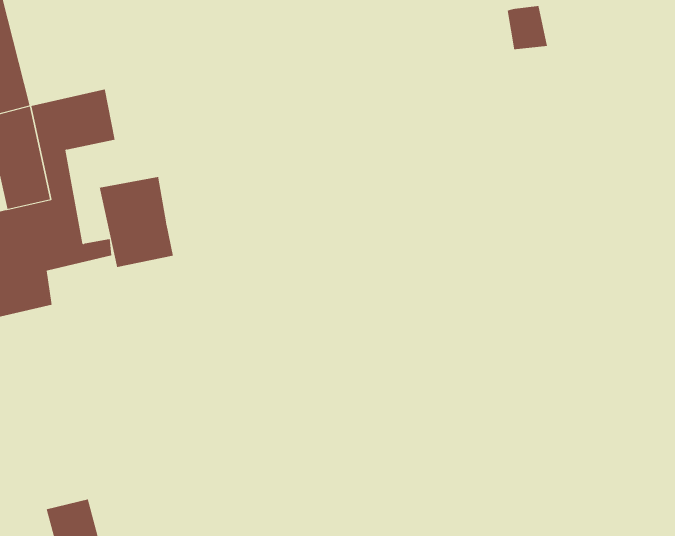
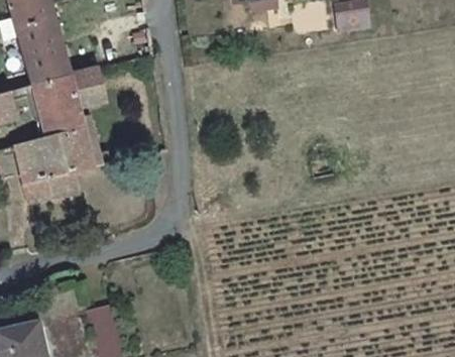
building: [99,176,173,268] -> none

